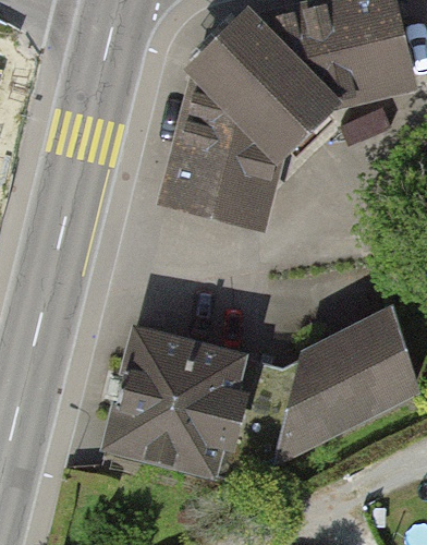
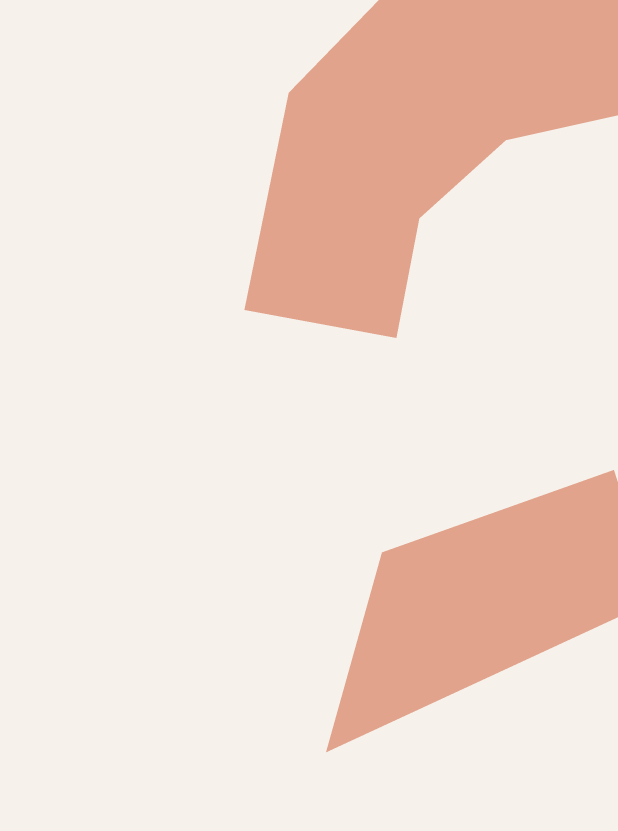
building: [98,329,243,484] -> none

